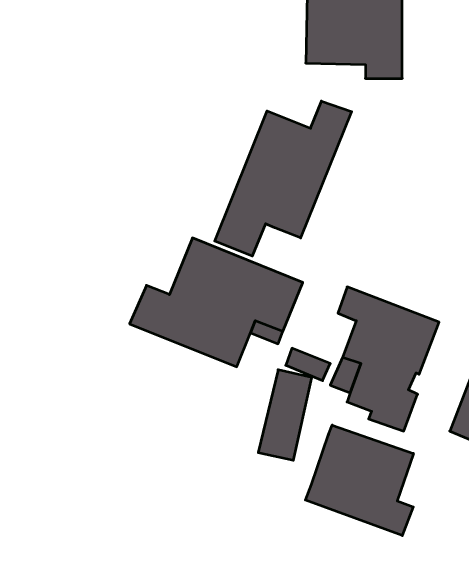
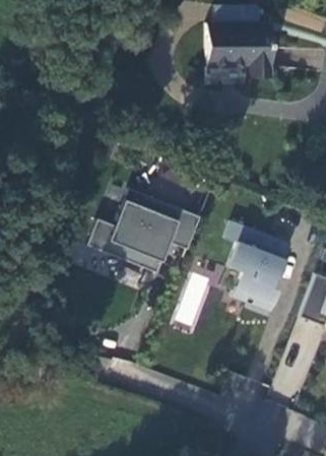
building: [215,101,352,256] -> none
building: [305,425,413,536] -> none

